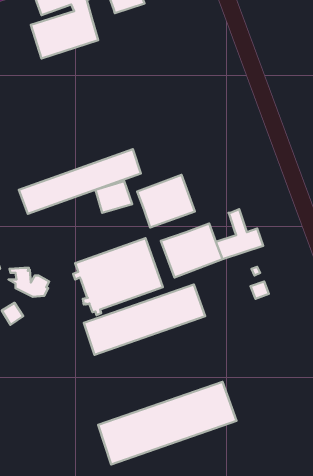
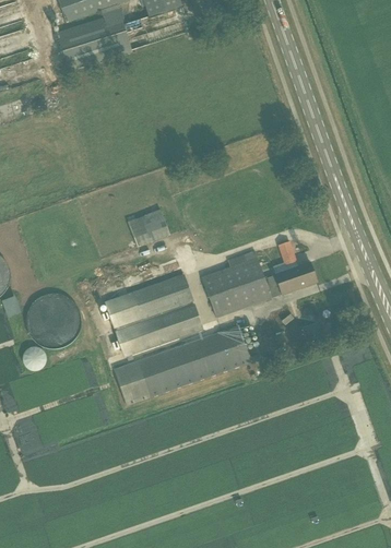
building: [19,149,141,214] -> none
building: [137,175,195,228] -> none
building: [98,382,237,464] -> none

